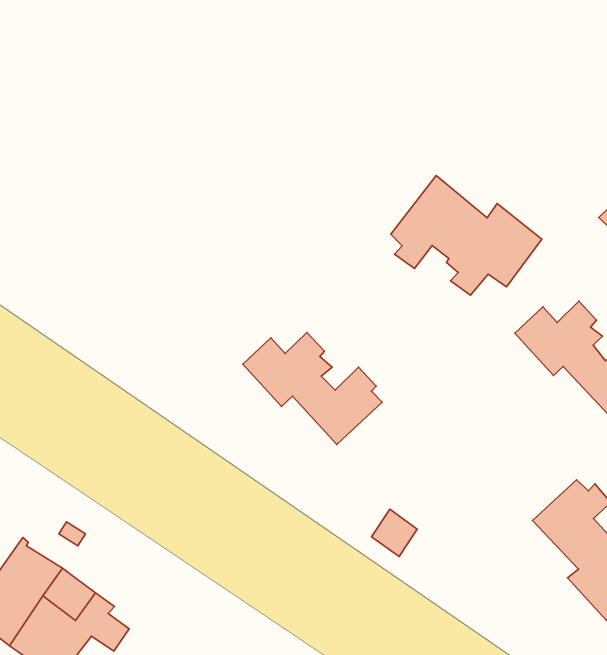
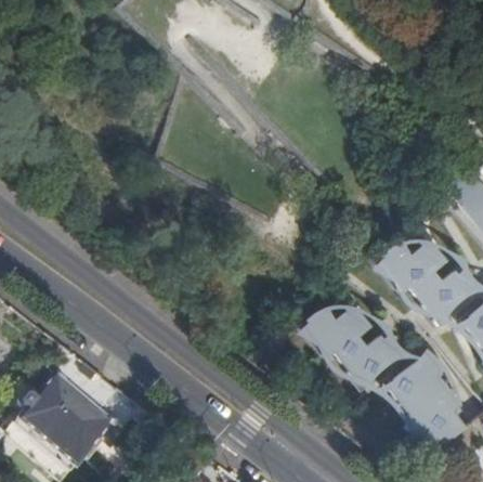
building: [391,176,542,295] -> none
building: [243,332,382,445] -> [306,308,396,382]

